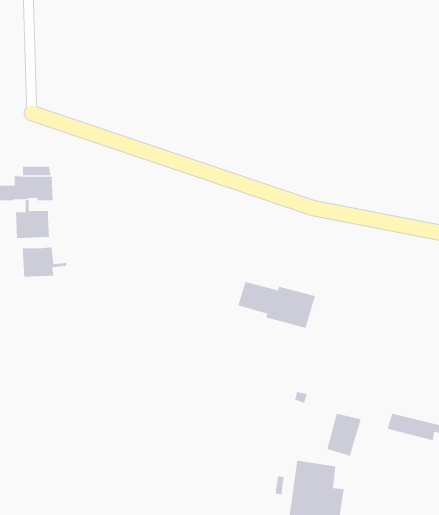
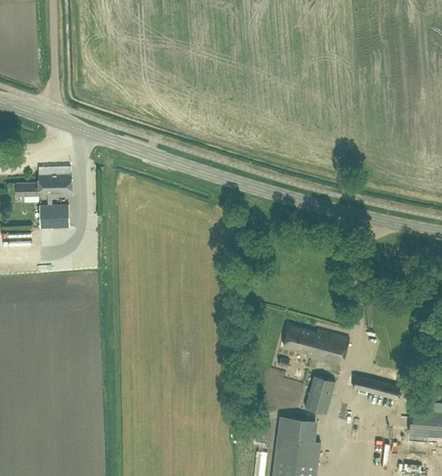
building: [22,247,67,277] -> none
building: [238,281,316,328] -> [282,326,349,366]

